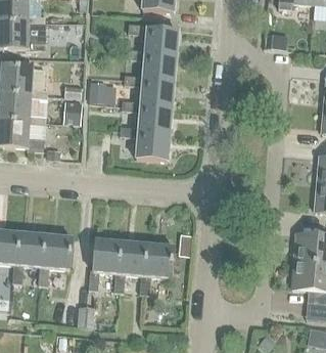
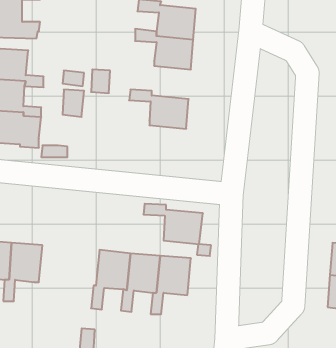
building: [124,75,174,108] -> none
building: [119,126,170,161] -> [143,204,203,244]
building: [38,234,72,285] -> none

